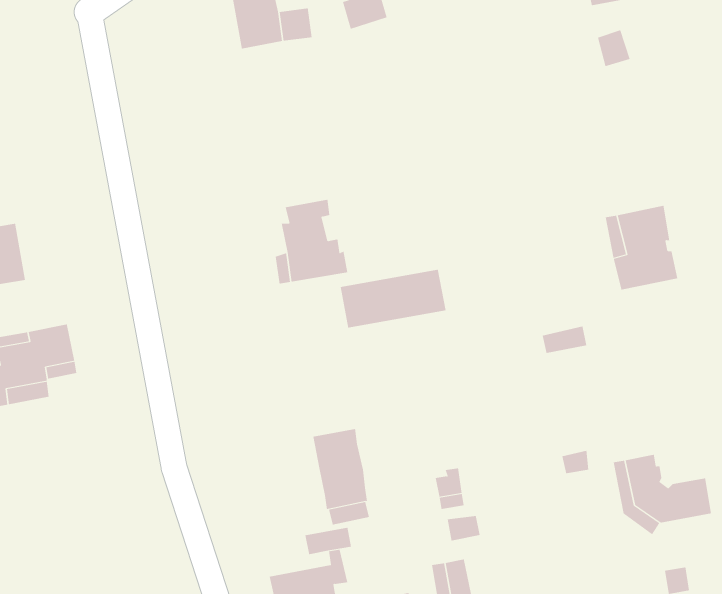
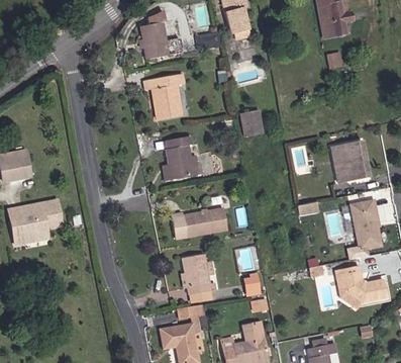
building: none -> [143,74,183,119]
building: none -> [240,111,263,138]
building: [340,269,446,328] -> [172,208,226,239]
building: none -> [350,200,381,250]

